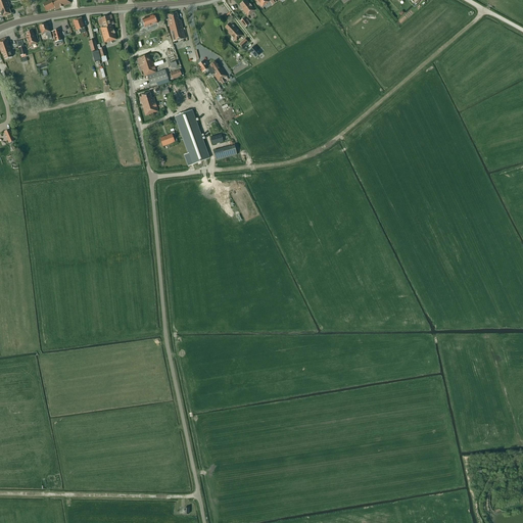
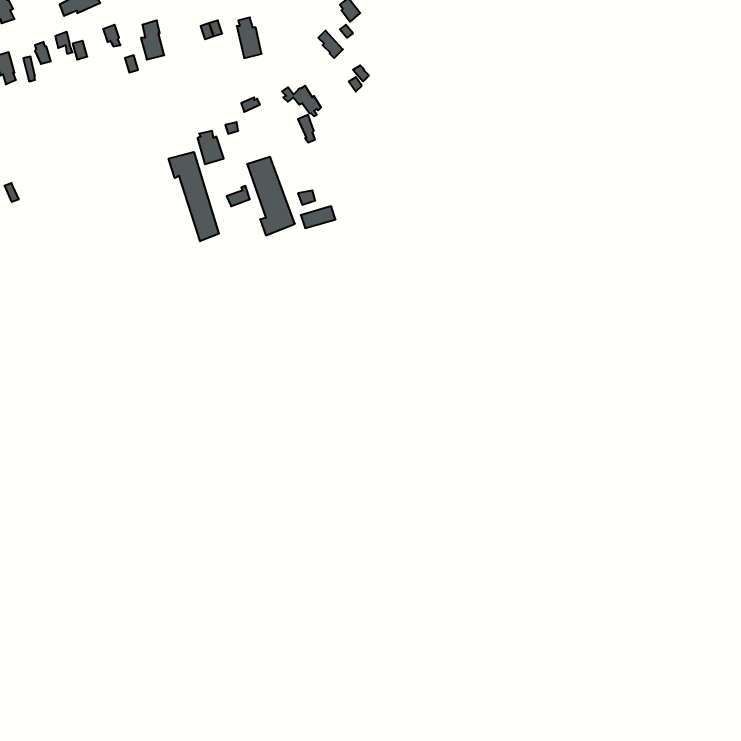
building: [136,54,168,84] -> none
building: none -> [169,152,219,241]

